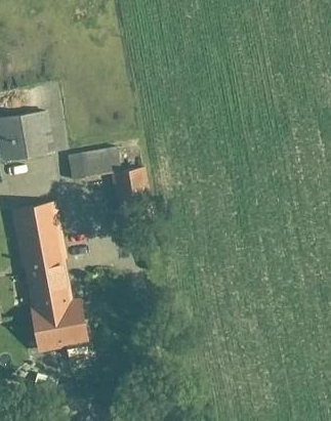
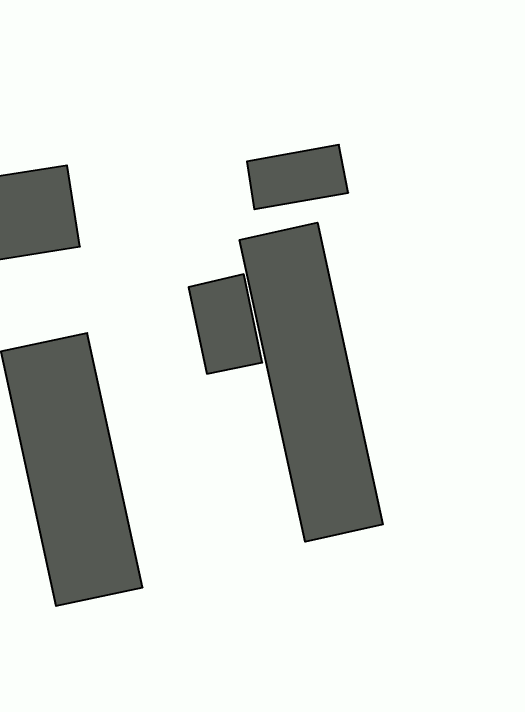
building: none -> [240,223,383,542]
building: [66,141,122,177] -> [247,145,348,209]

